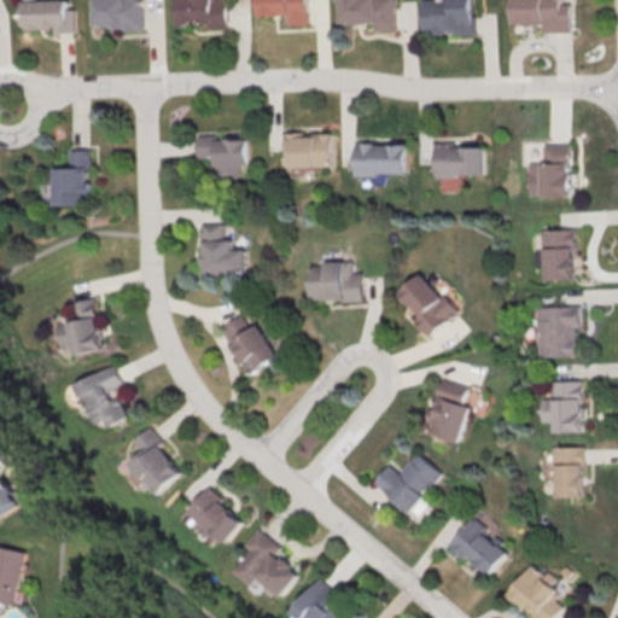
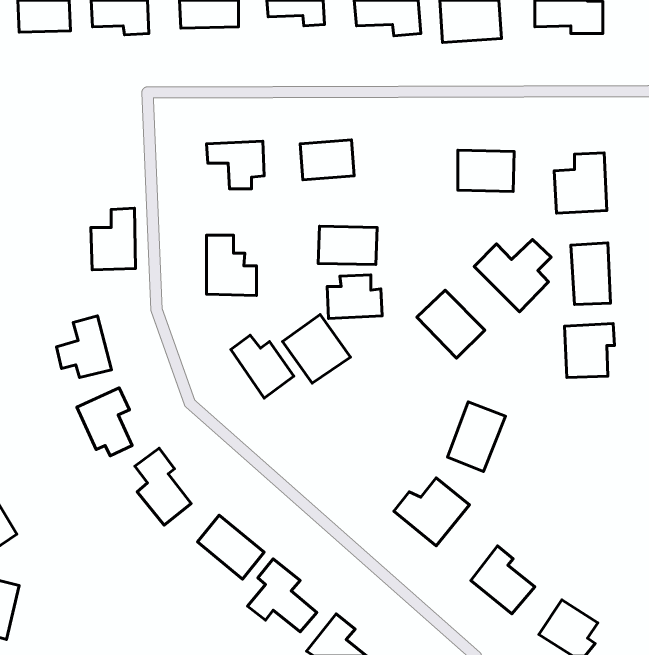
building: [351,141,407,177] -> [318,226,377,265]
building: [47,150,89,208] -> [91,208,136,270]
building: none -> [474,240,551,312]
building: none -> [283,314,350,383]
building: [540,379,584,432] -> none
building: [550,444,582,496] -> none

